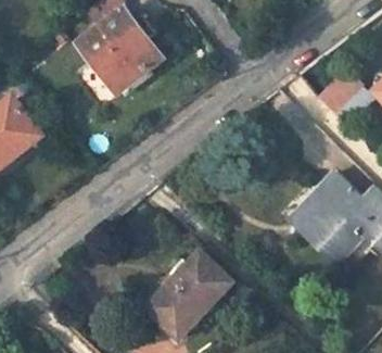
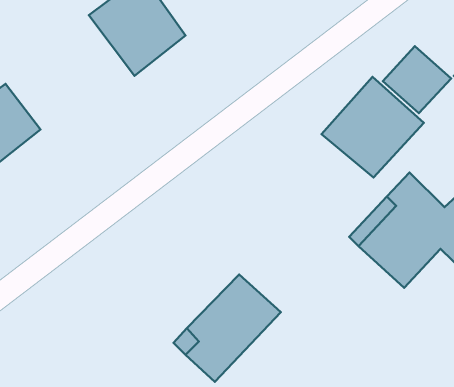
building: none -> [322,77,424,177]

